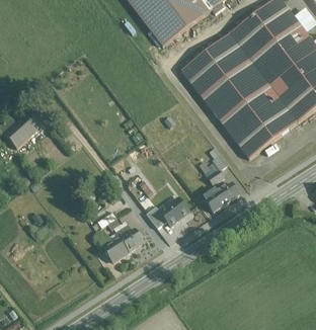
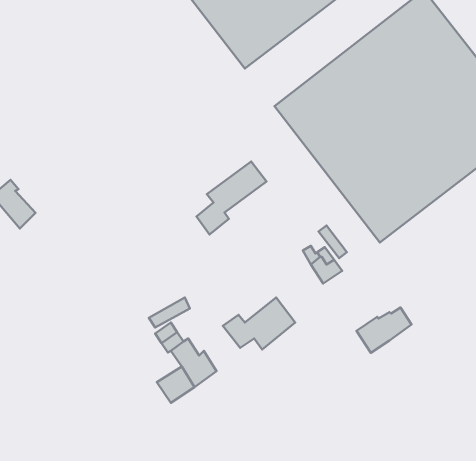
building: none -> [197,162,266,235]
building: [13,110,43,139] -> none
building: [204,182,239,212] -> [357,307,412,353]

